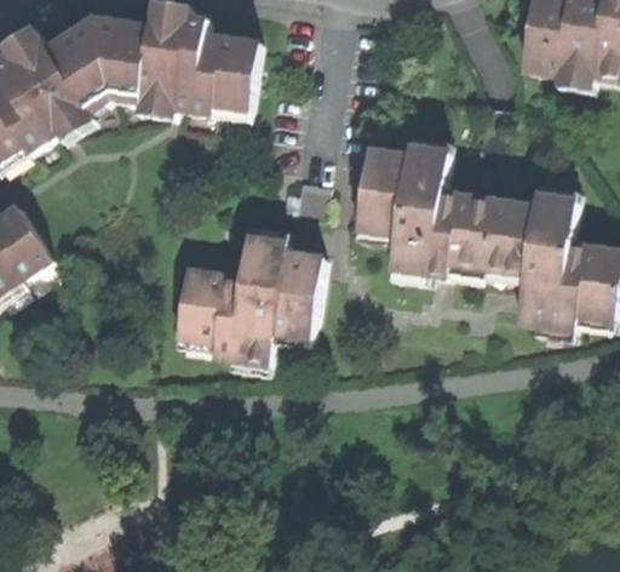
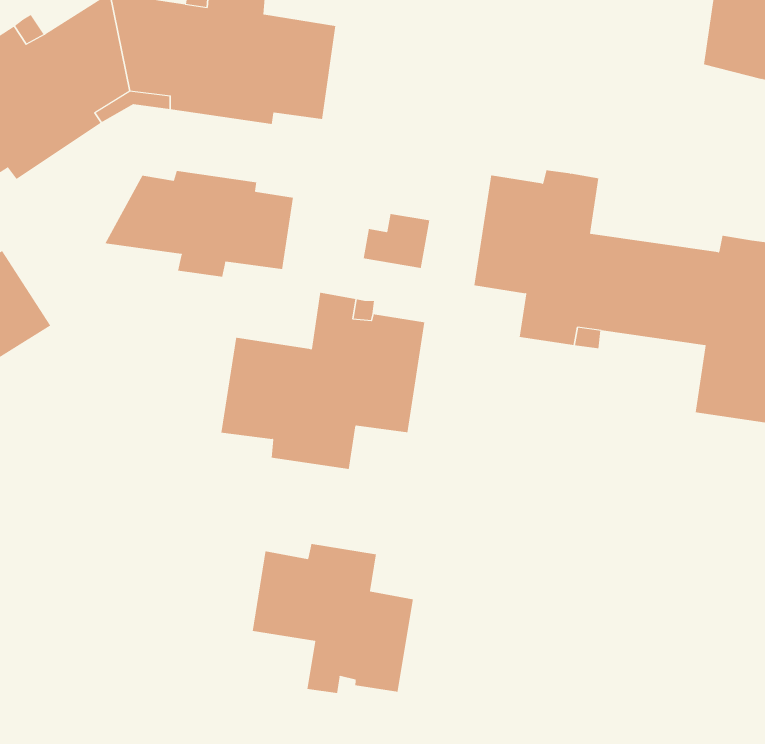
building: none -> [105,170,294,278]
building: none -> [252,543,413,694]

